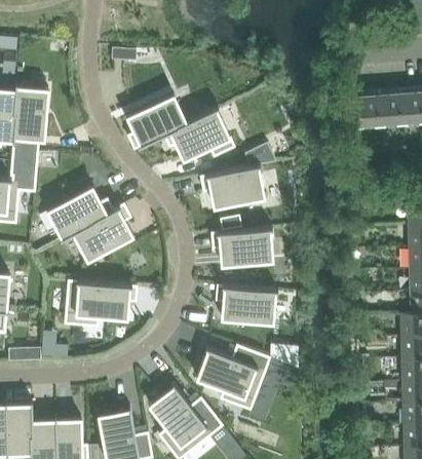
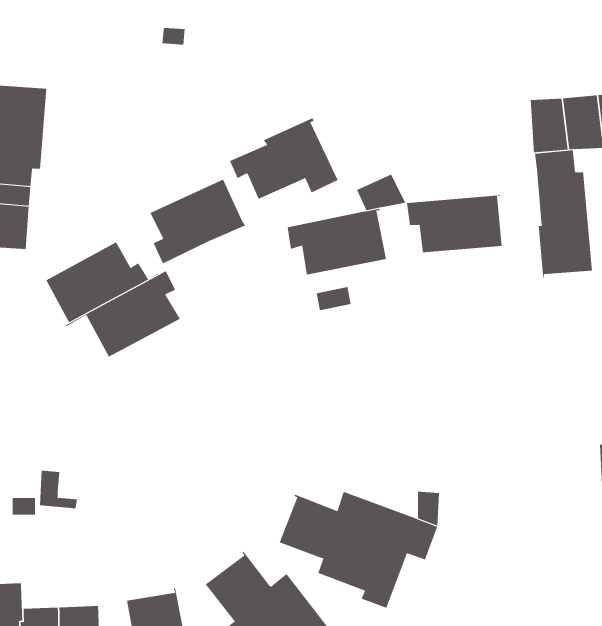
building: [126,95,188,150] -> [150,179,246,264]
building: none -> [535,149,593,279]
building: [212,229,273,266] -> [406,195,503,253]
building: [65,281,137,327] -> none
building: [217,286,278,323] -> none

